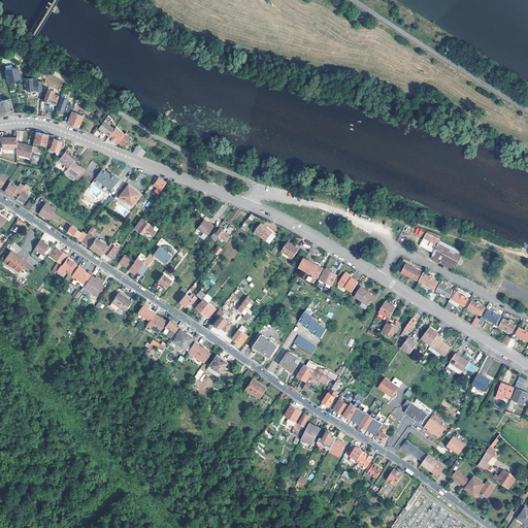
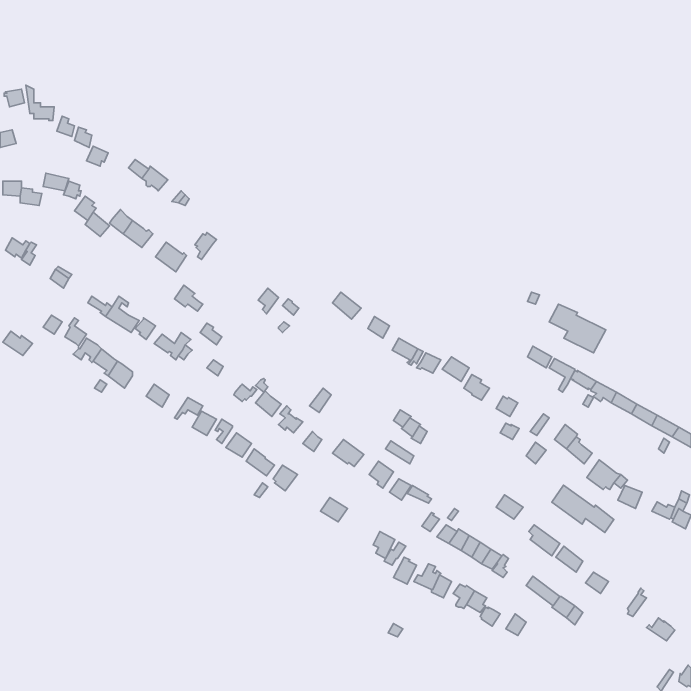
building: none -> [552,485,614,533]
building: [454,471,495,495] -> none

